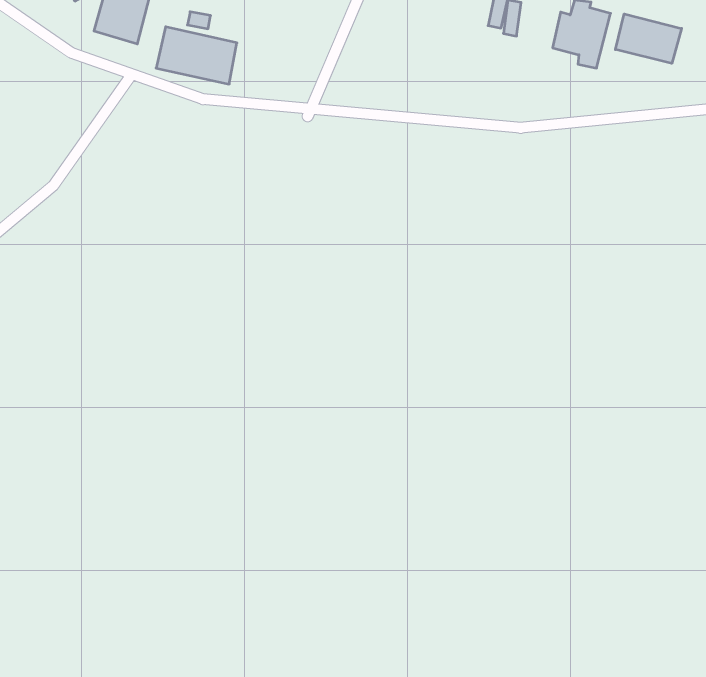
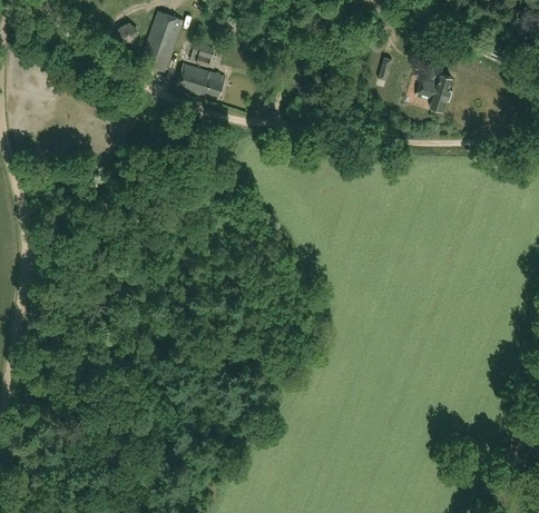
building: [615,14,682,63] -> none

